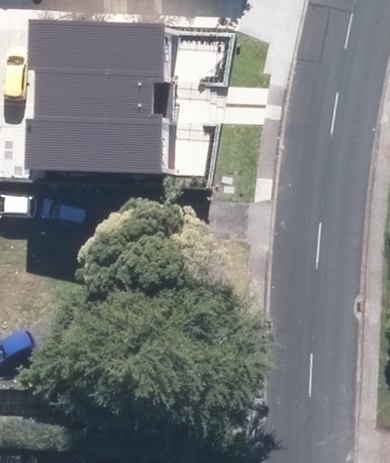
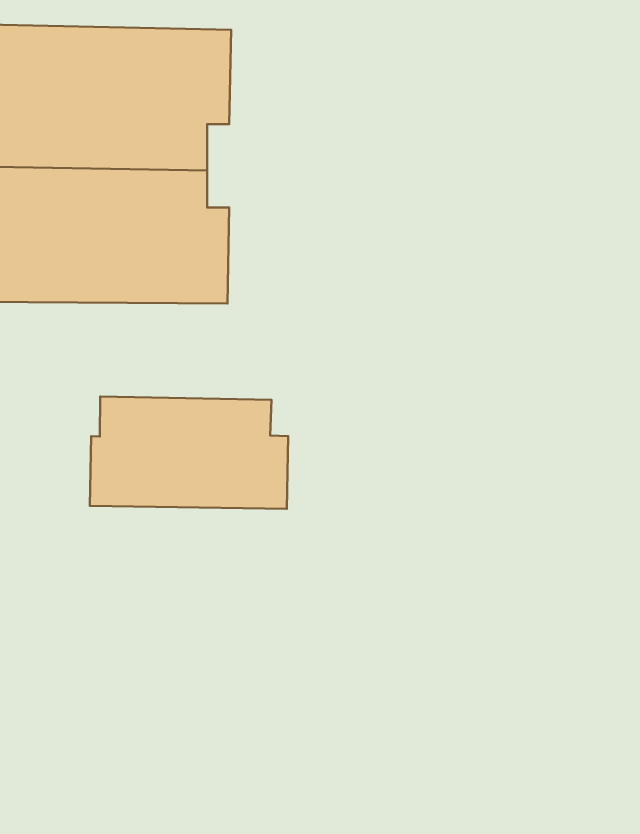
building: none -> [90,396,288,509]

